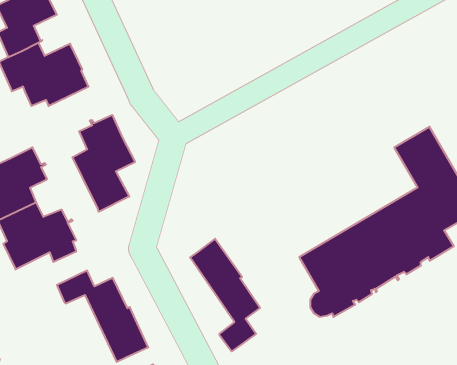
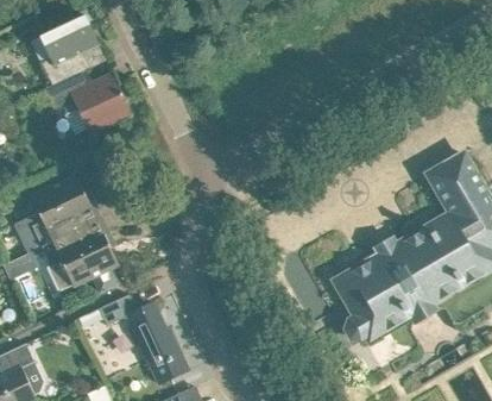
building: [73,115,135,212] -> none
building: [190,239,260,351] -> none

